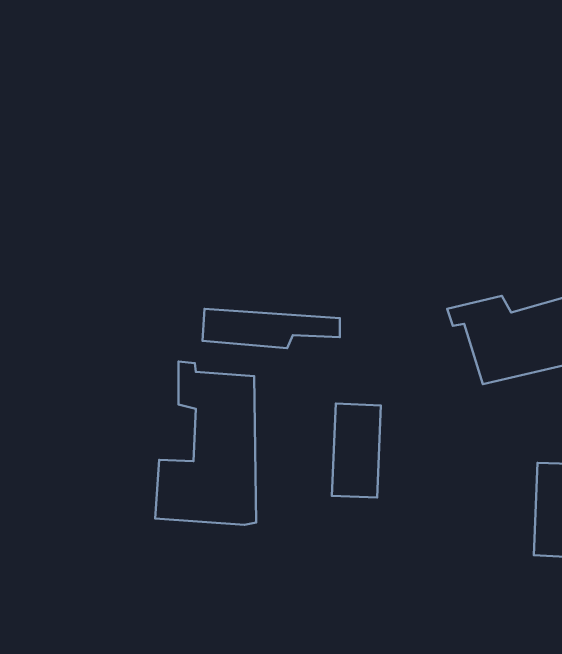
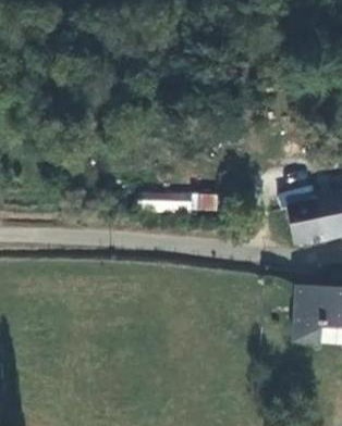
building: [155,362,256,525] -> none
building: [332,404,381,498] -> [296,288,325,342]

